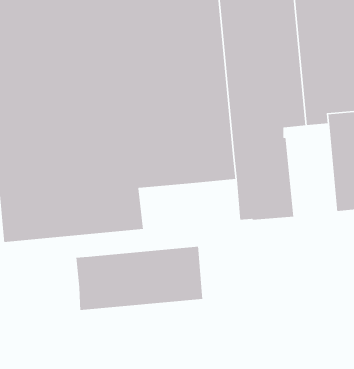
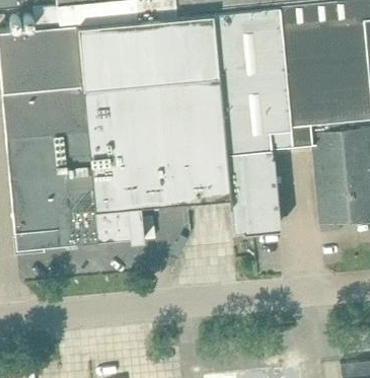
building: [75,246,203,311] -> none

